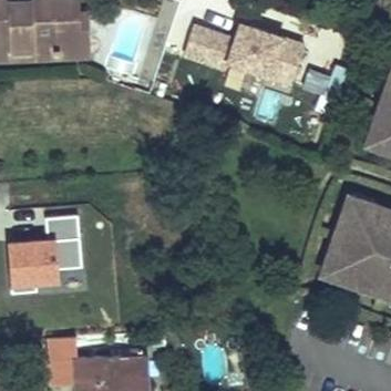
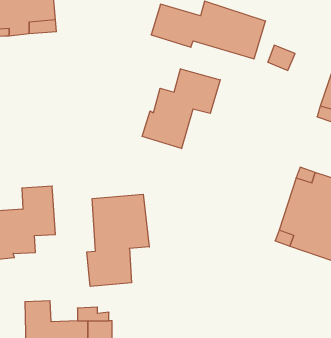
building: none -> [142,69,220,149]
building: none -> [87,194,149,286]

